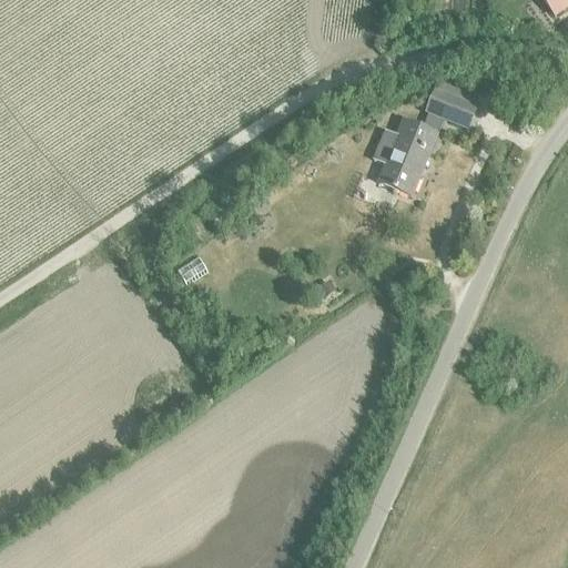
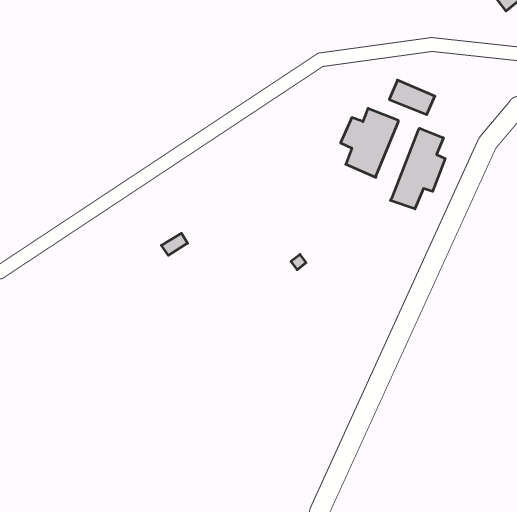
building: none -> [390,128,445,209]

